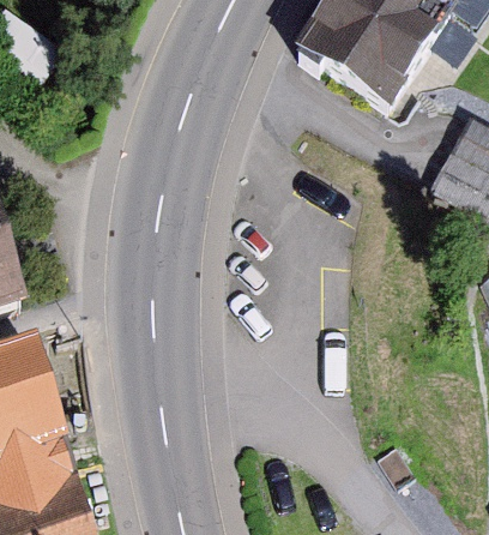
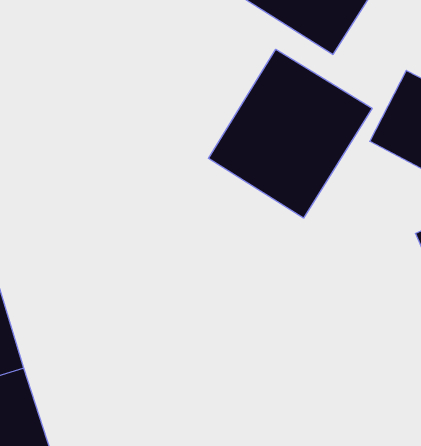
building: none -> [208,49,372,218]

